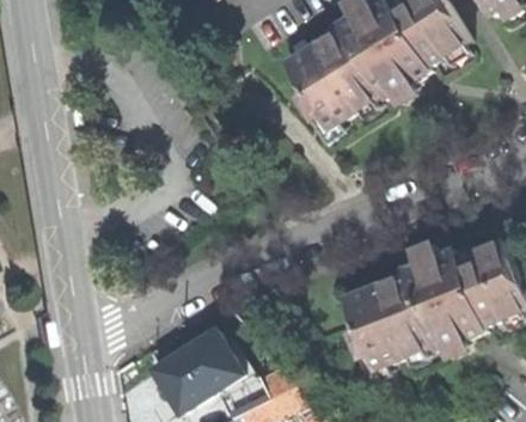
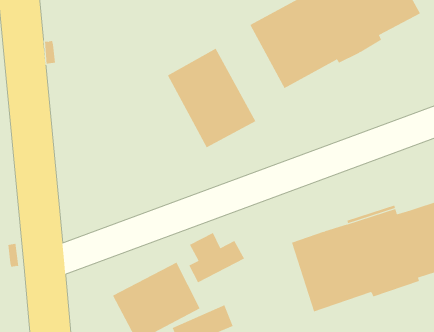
building: none -> [167,48,256,148]
building: none -> [188,232,245,283]

